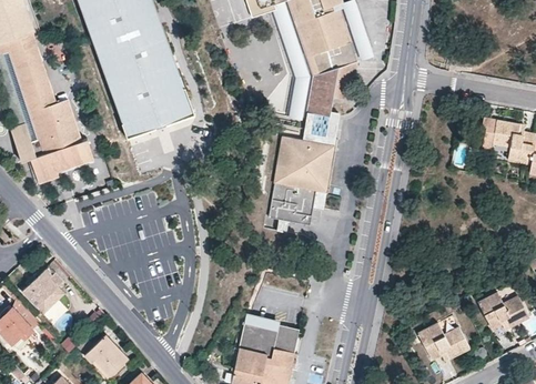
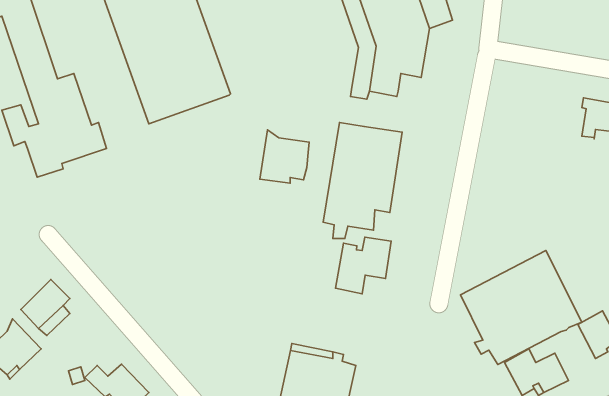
building: [303,112,340,145] -> none
building: none -> [260,130,309,183]
building: none -> [335,237,391,294]
building: none -> [461,251,582,364]

